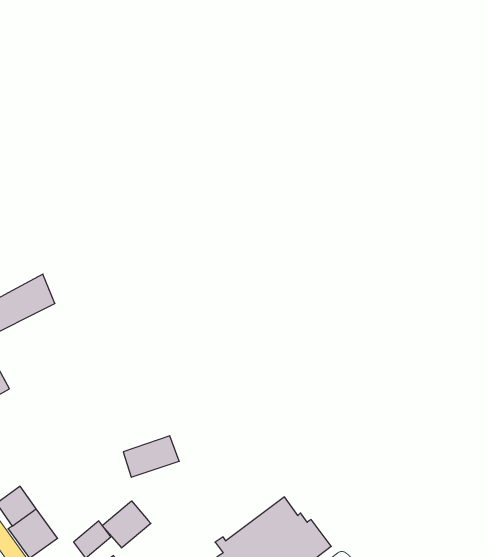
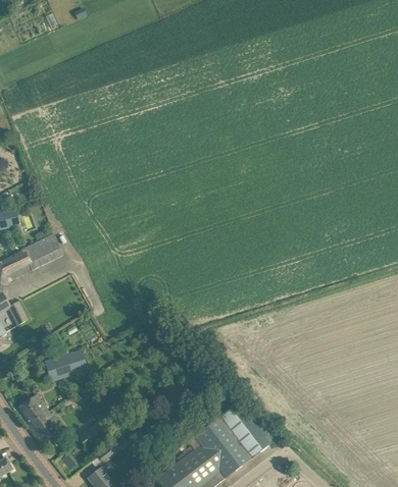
building: [123,436,179,477] -> [44,349,87,381]
building: [102,501,151,548] -> none

